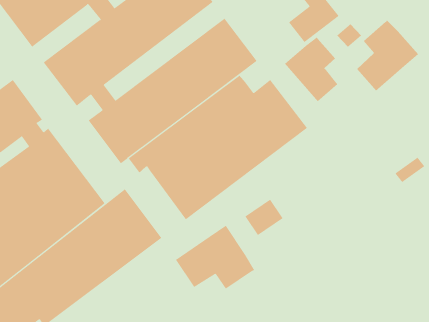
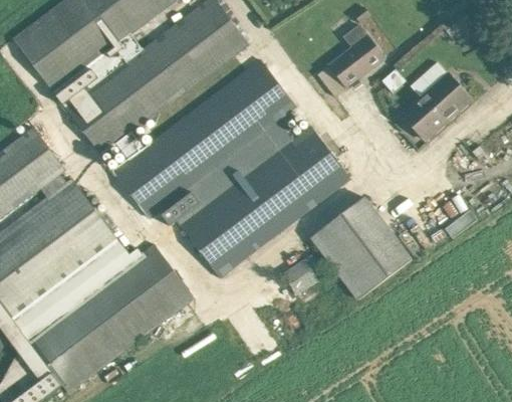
building: [284,37,338,102] -> none
building: none -> [309,196,411,299]
building: [175,225,255,290] -> none

